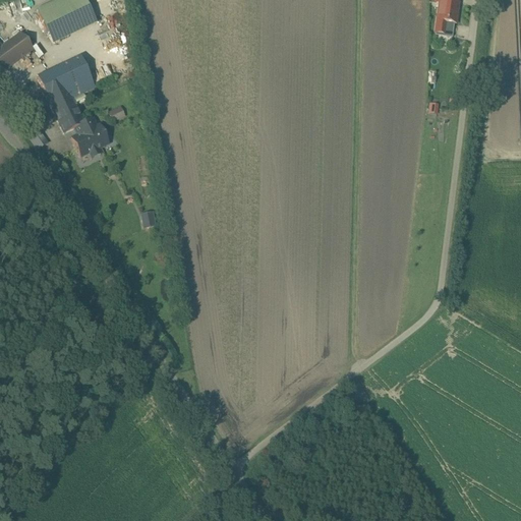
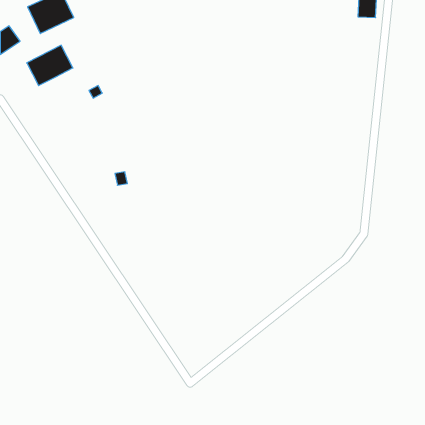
building: [51,94,82,127] -> none
building: [74,118,112,156] -> none

